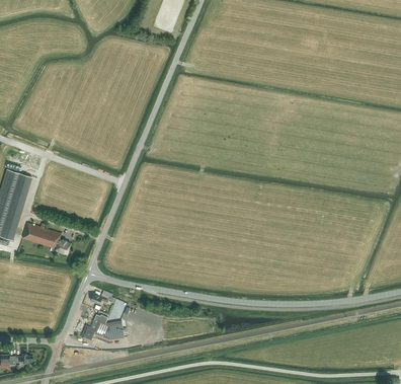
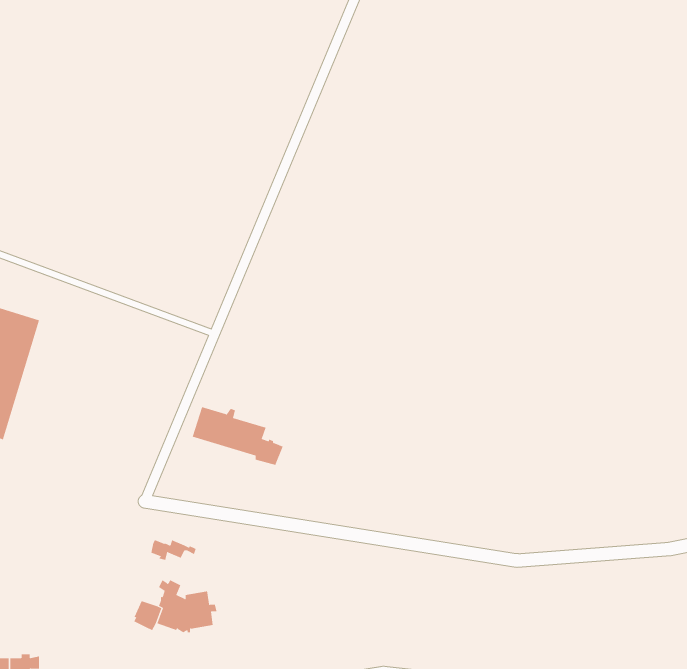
building: [21,222,70,253] -> [192,406,284,466]

